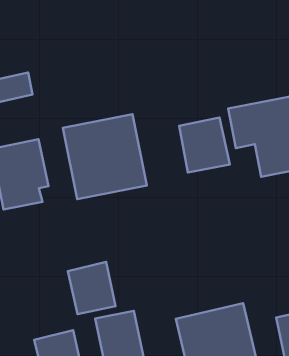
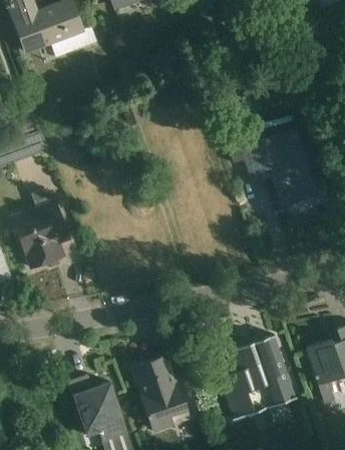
building: [63,114,147,199] -> none
building: [179,117,230,172] -> none
building: [68,262,116,314] -> none

